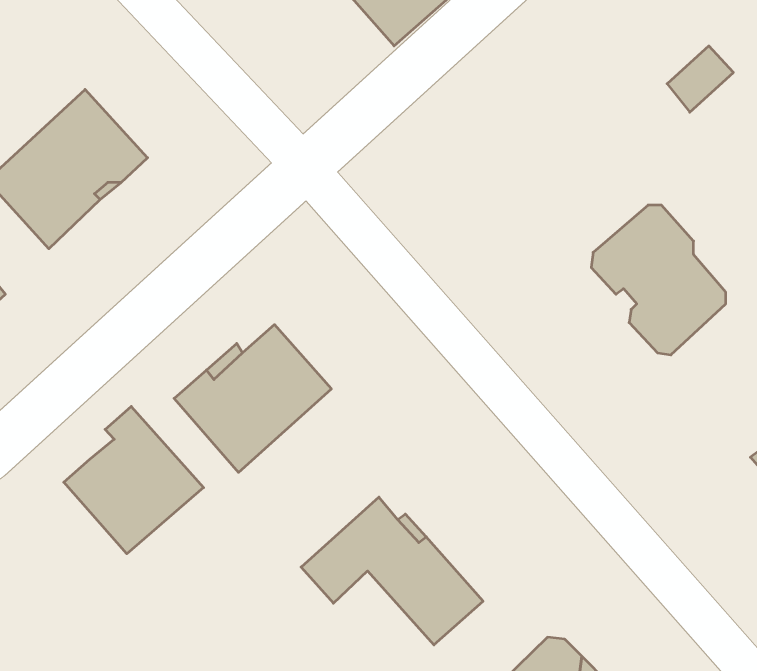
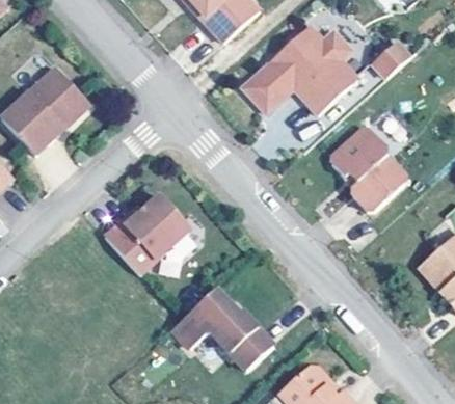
building: none -> [241,24,357,114]
building: [64,406,204,554] -> none

